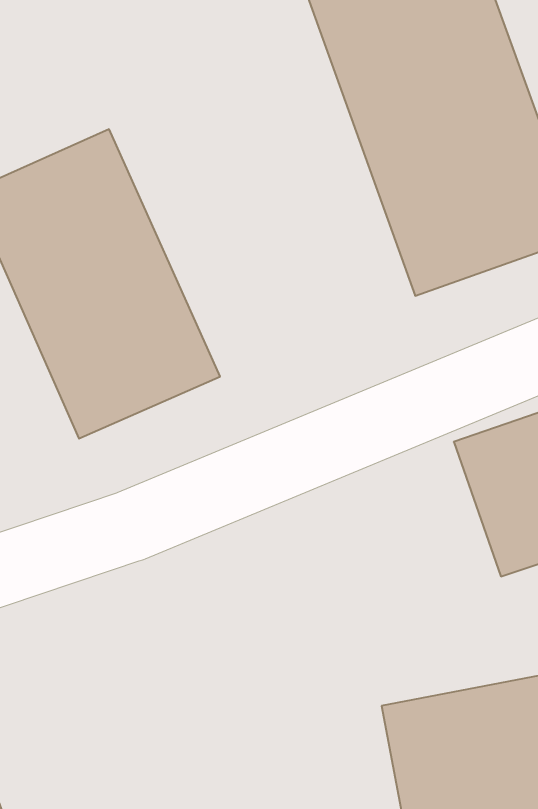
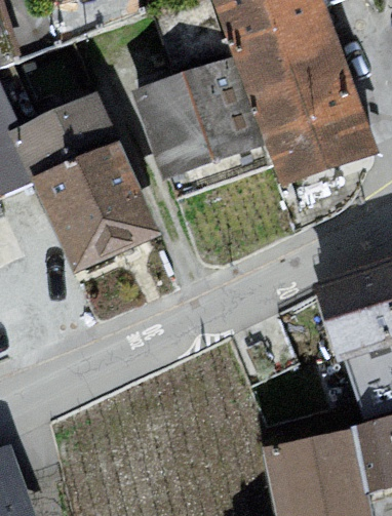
building: none -> [128,53,262,189]

